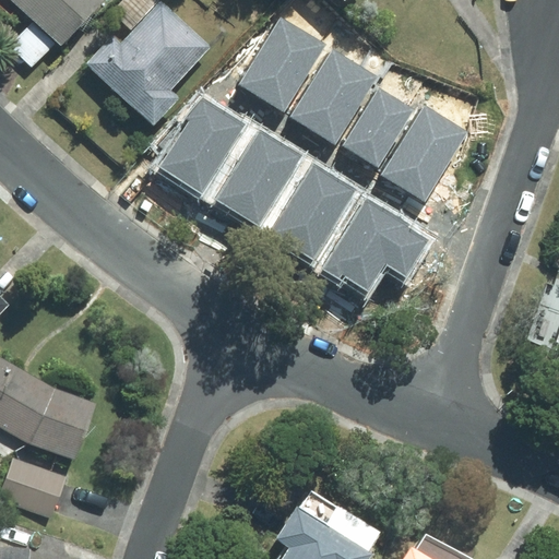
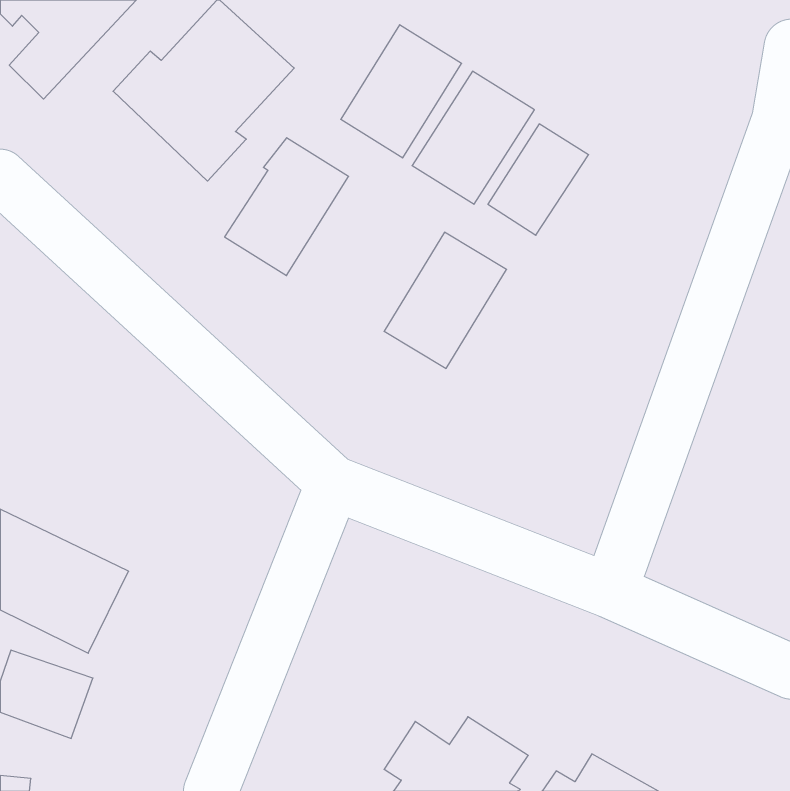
building: [384,106,469,200] -> none
building: [218,130,305,226] -> none
building: [323,198,429,290] -> none

